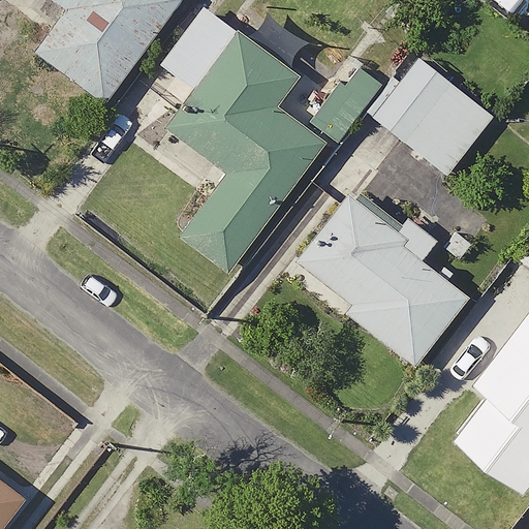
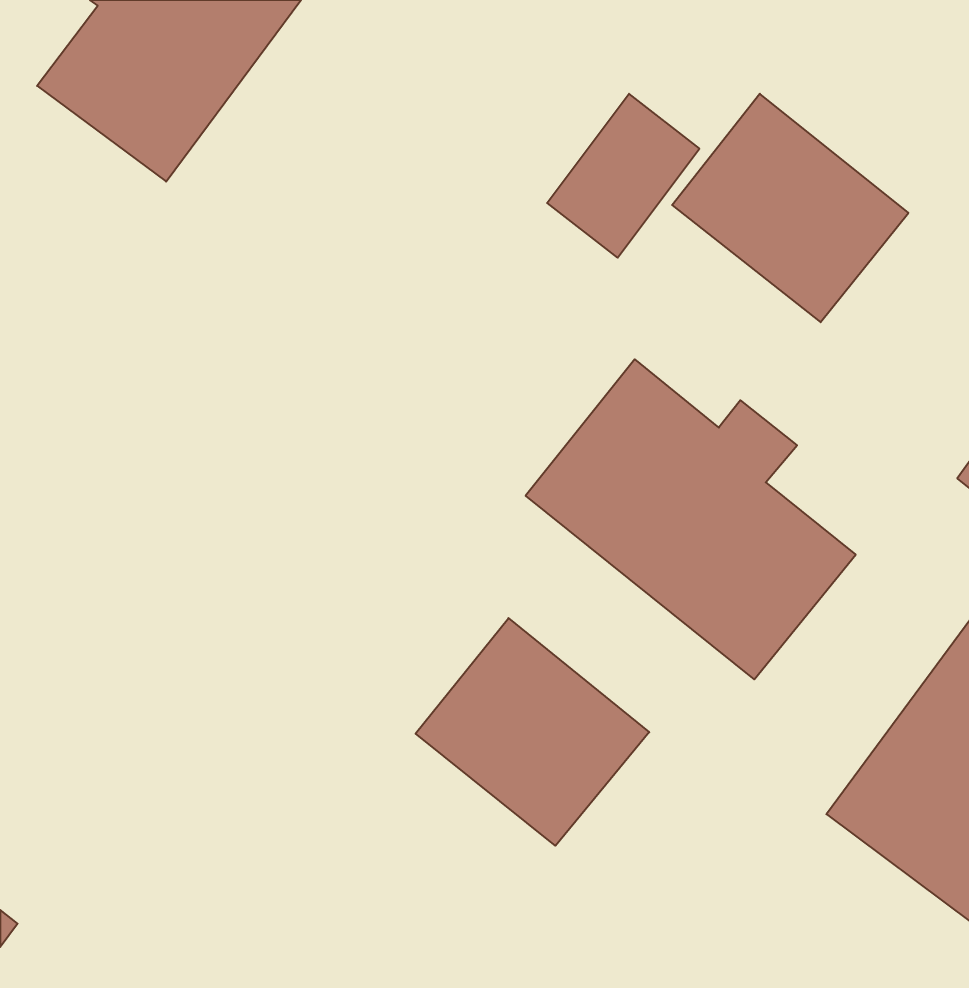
building: [165,10,323,272] -> none
building: none -> [416,618,649,846]

